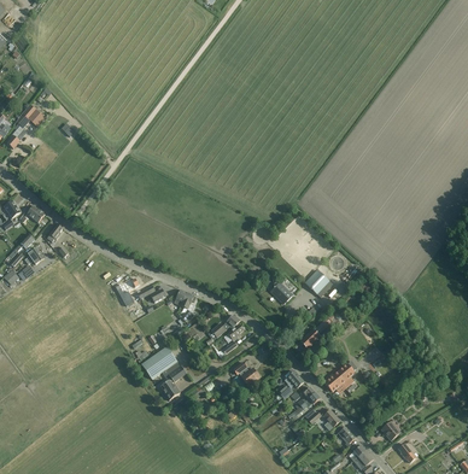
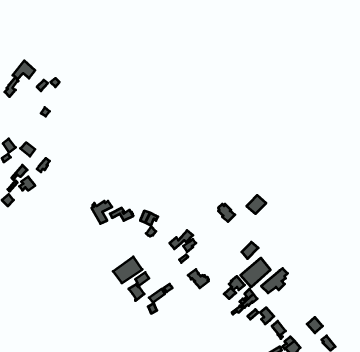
building: none -> [241,258,270,287]

